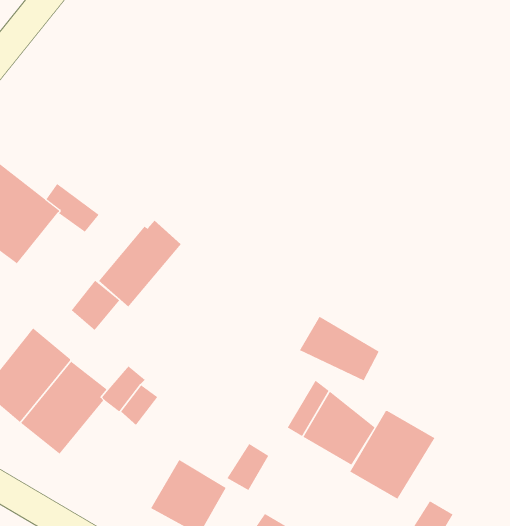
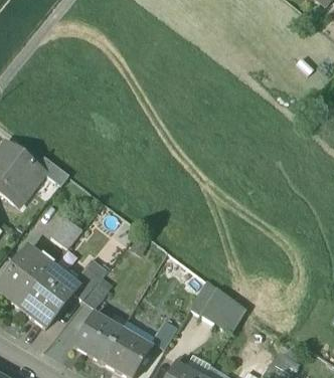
building: [98,220,182,308] -> none
building: [299,316,380,381] -> none
building: [350,410,435,500] -> none
building: none -> [74,312,122,360]

